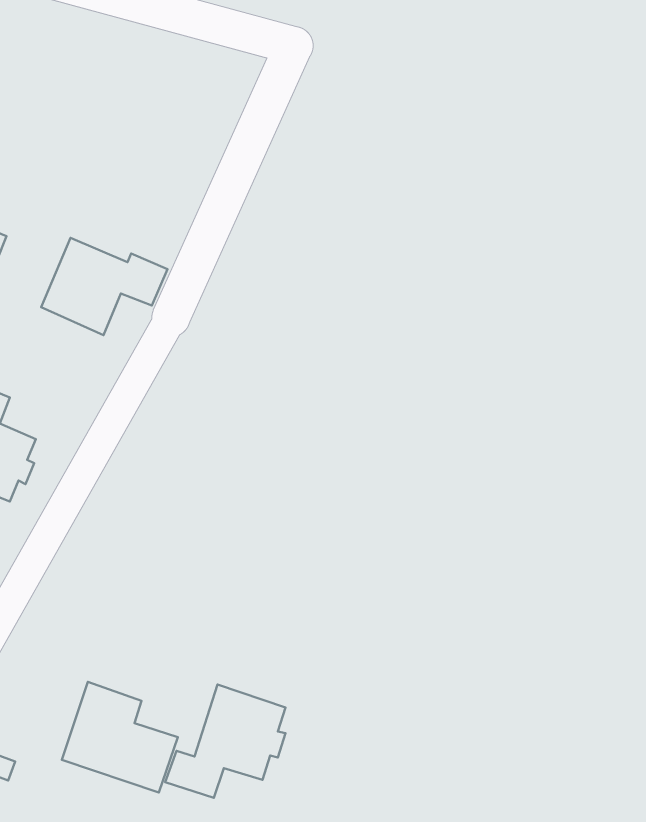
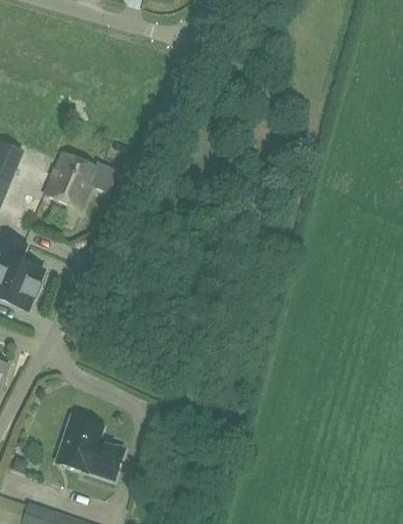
building: [165,684,286,798] -> none

